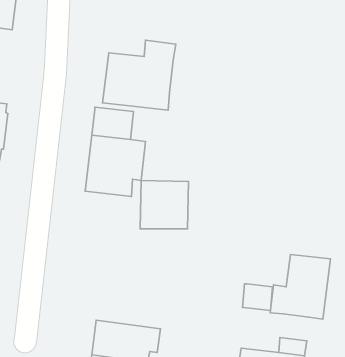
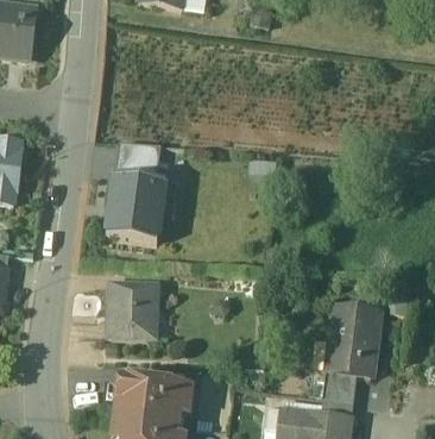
building: [103,40,176,110] -> none
building: [140,180,188,229] -> [106,284,159,338]
building: [242,284,273,311] -> [323,372,357,402]

